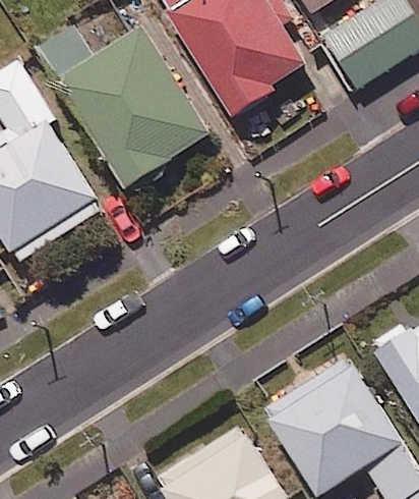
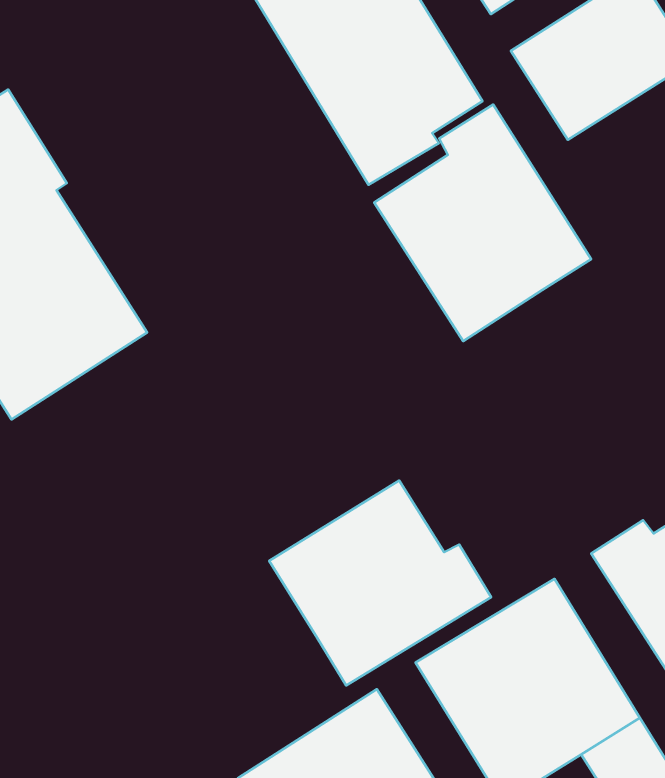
building: [38,25,207,184] -> none
building: none -> [374,105,591,341]
building: none -> [269,480,491,685]

